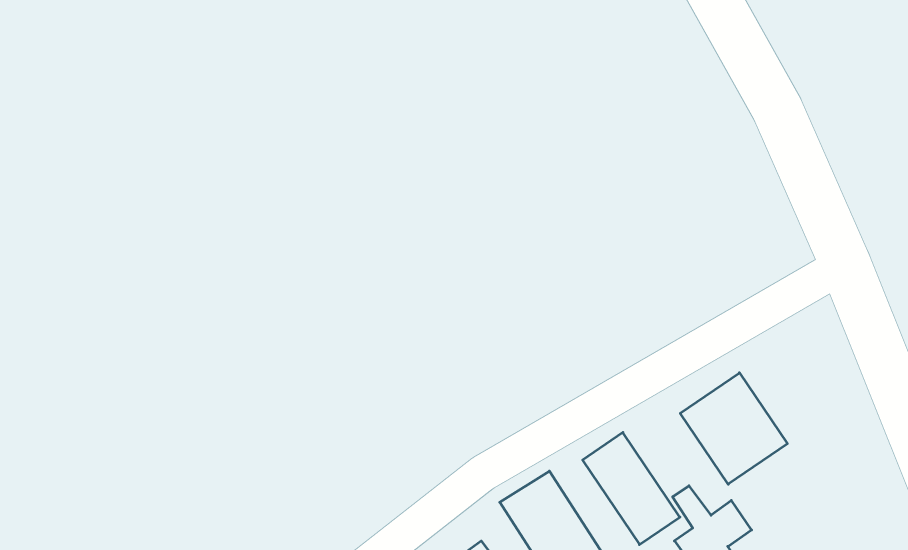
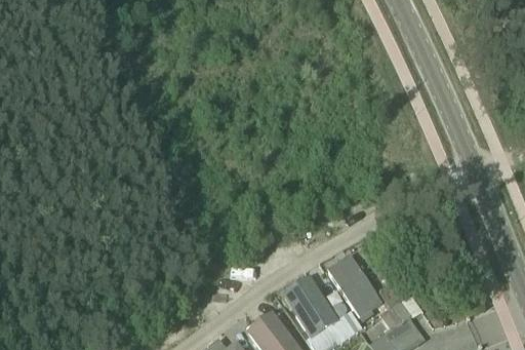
building: [680,373,787,484] -> none

